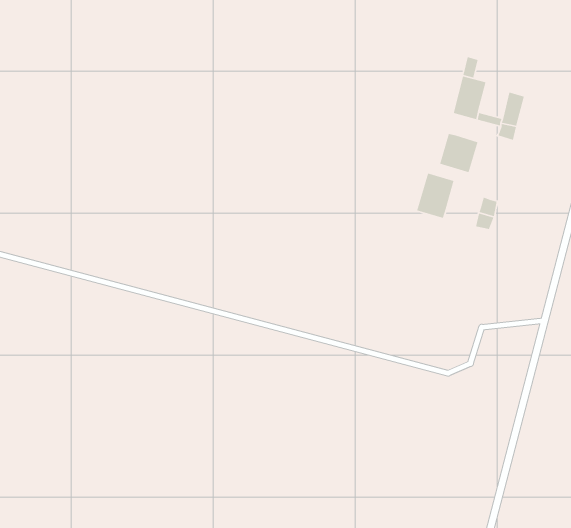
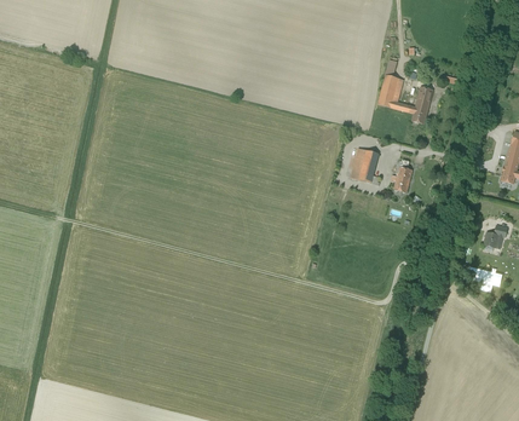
building: [439,133,478,173] -> none

